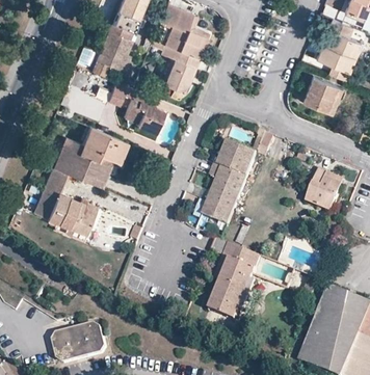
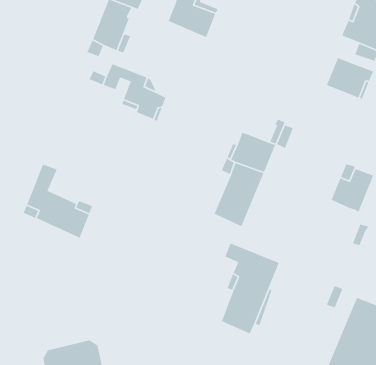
building: [160,44,197,93] -> none
building: [53,126,126,187] -> none

